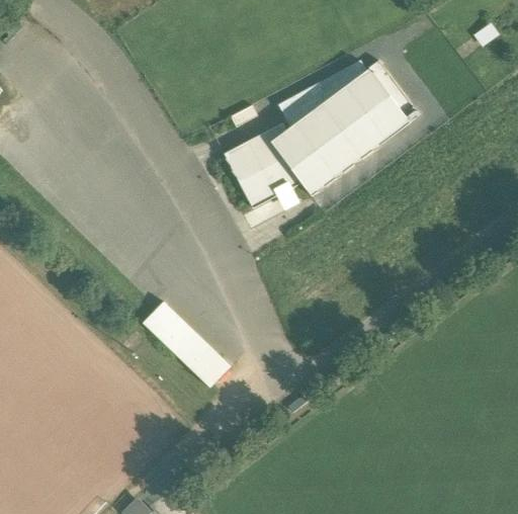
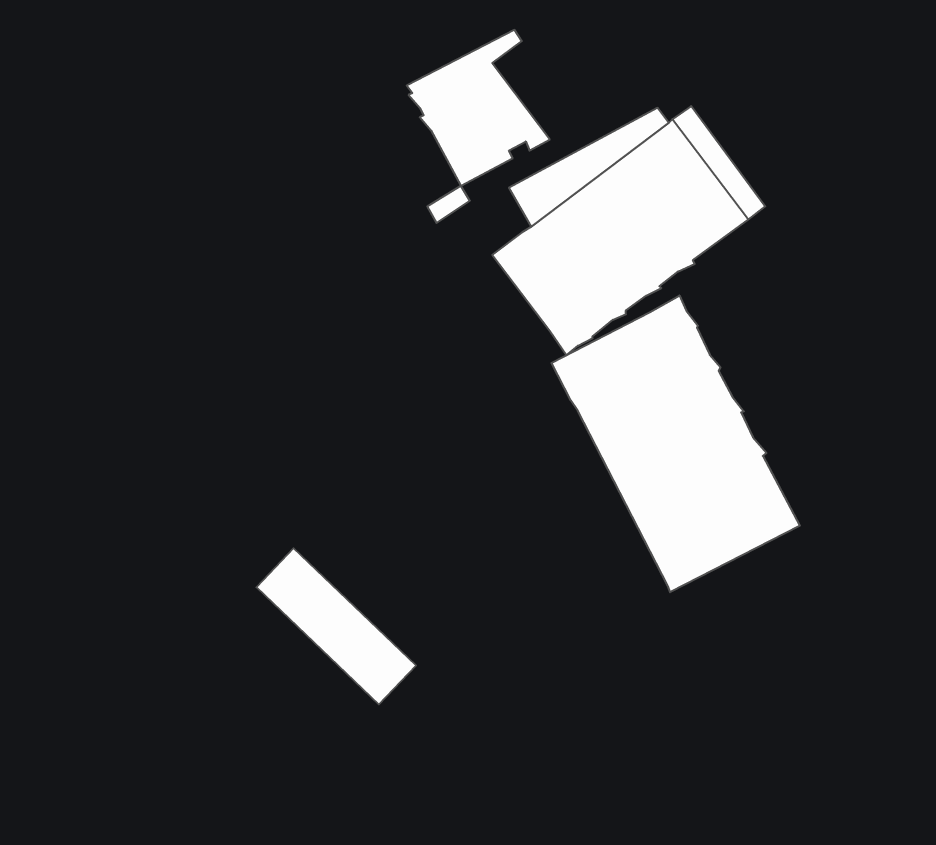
building: [223,123,300,208] -> [407,30,550,186]
building: none -> [551,295,800,592]

